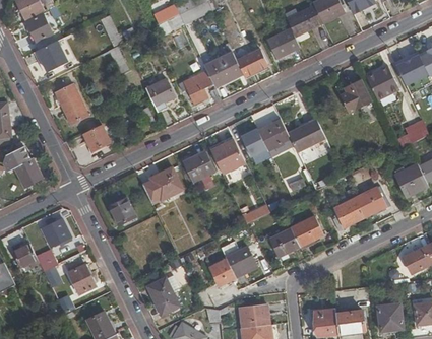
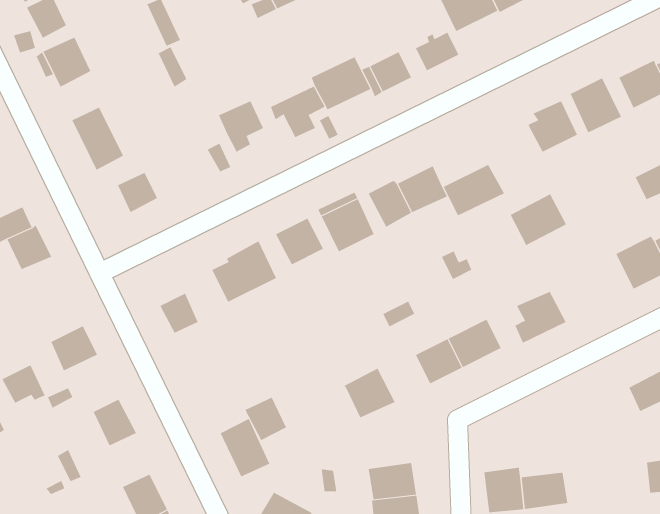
building: [354,185,389,217] -> [510,194,567,246]
building: [208,258,235,285] -> [245,397,287,441]
building: [377,303,403,331] -> none

